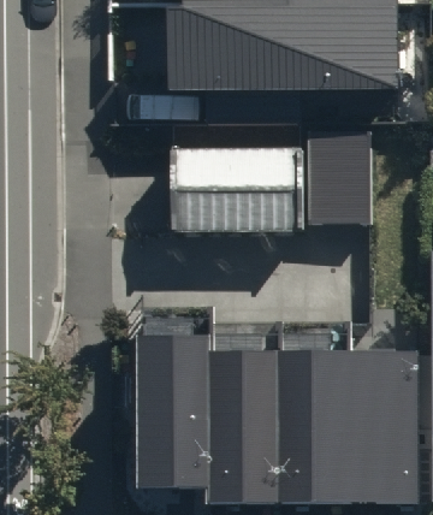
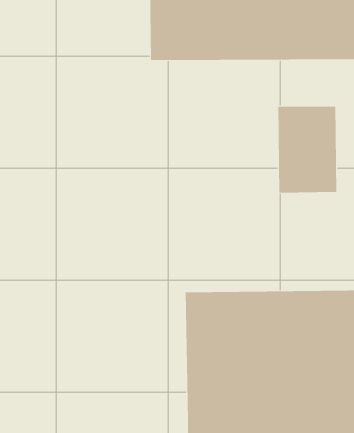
building: [167,135,302,231] -> none
building: [137,315,208,484] -> none

